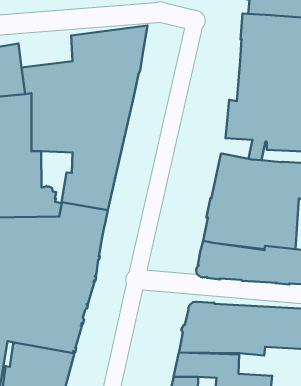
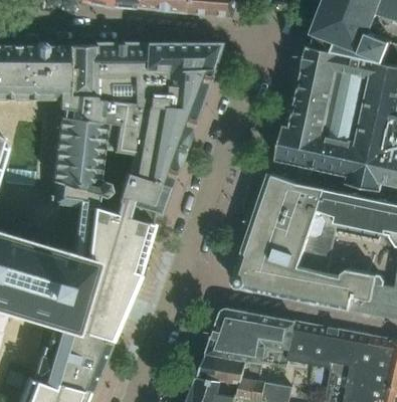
building: none -> [94,44,145,68]

